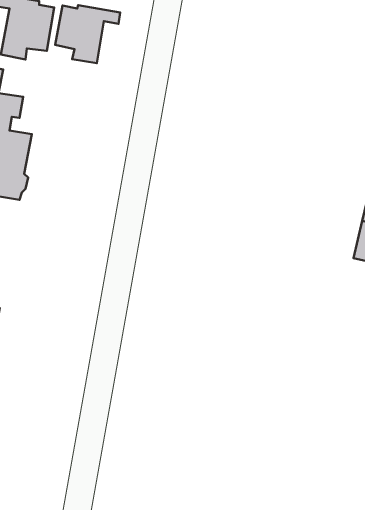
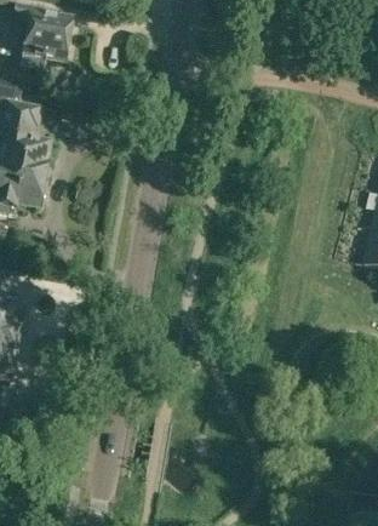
building: [55,5,120,63] -> none

